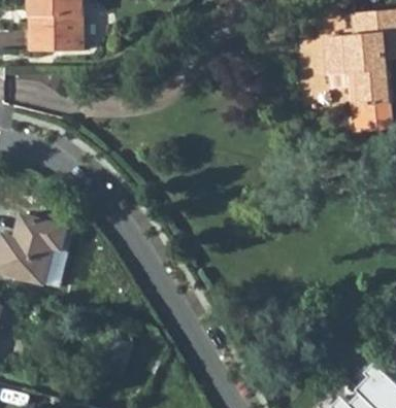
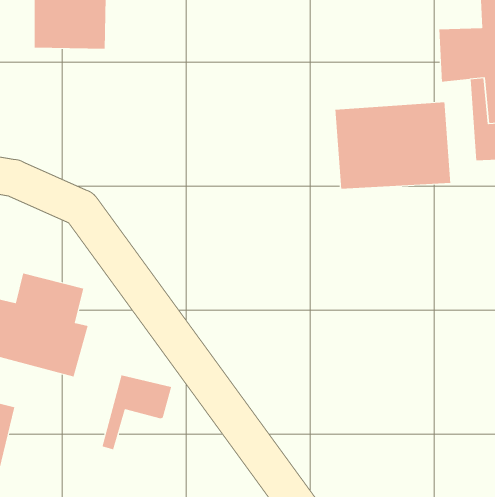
building: none -> [335,101,451,190]
building: none -> [102,375,172,450]

